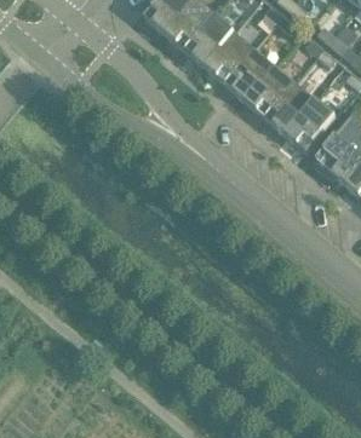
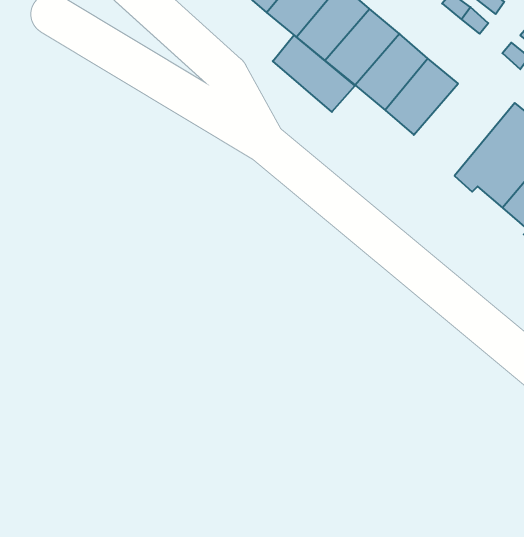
building: none -> [273,35,355,112]
building: [285,99,336,151] -> none

